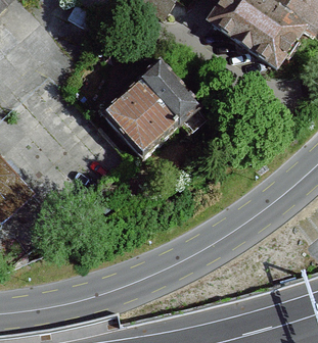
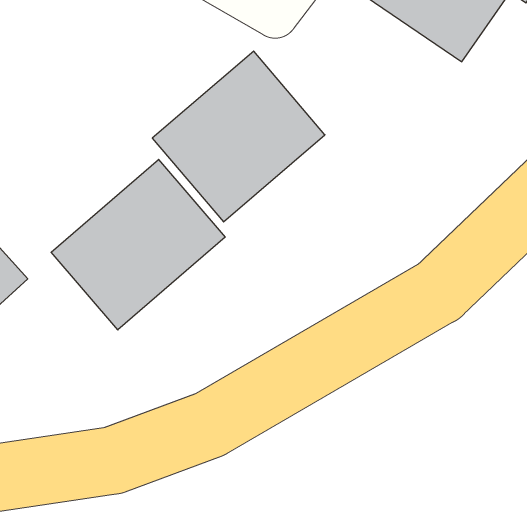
building: none -> [51,159,225,330]

